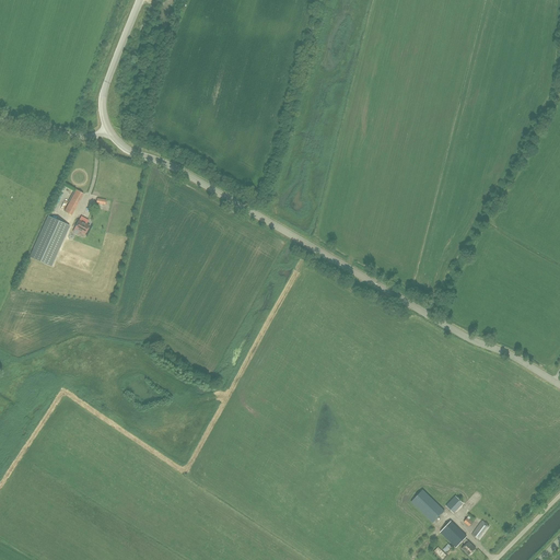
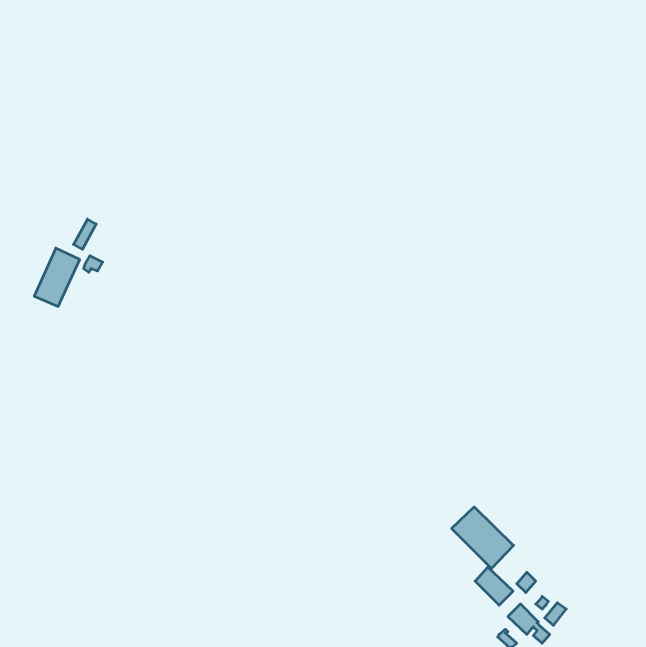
building: none -> [452,507,514,568]

